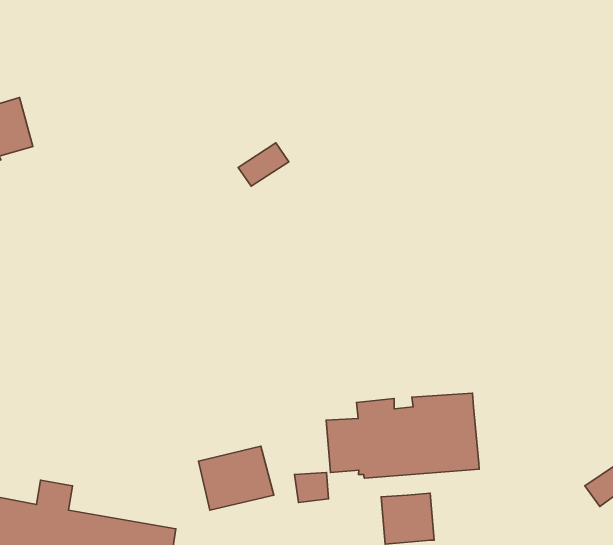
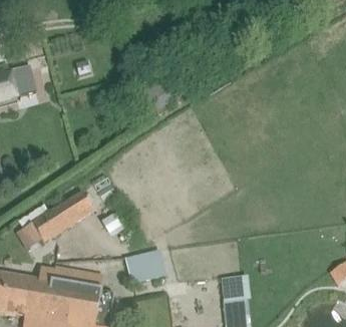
building: none -> [29,190,92,242]
building: [326,393,479,478] -> none

